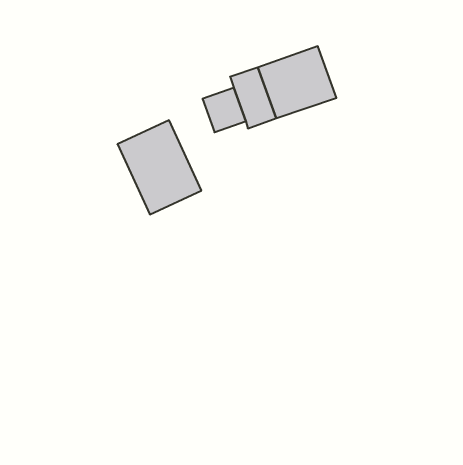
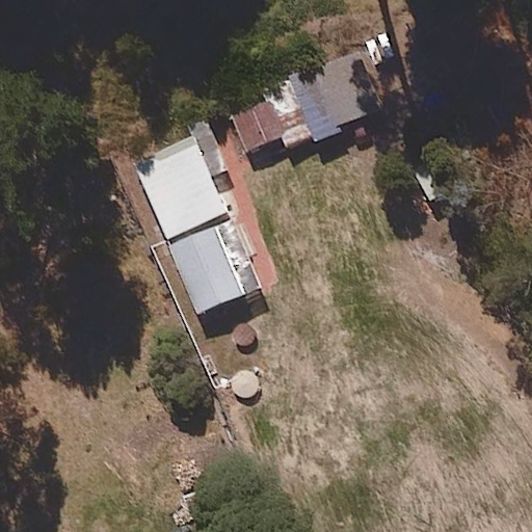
building: none -> [165,214,262,317]

